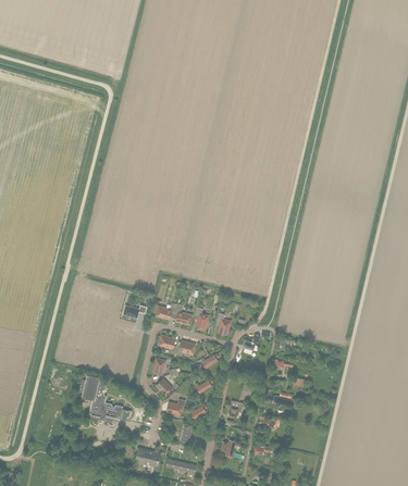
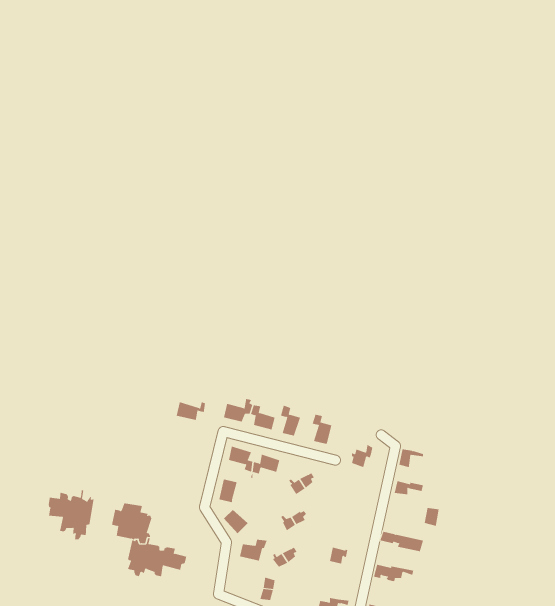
building: none -> [48,489,94,540]

